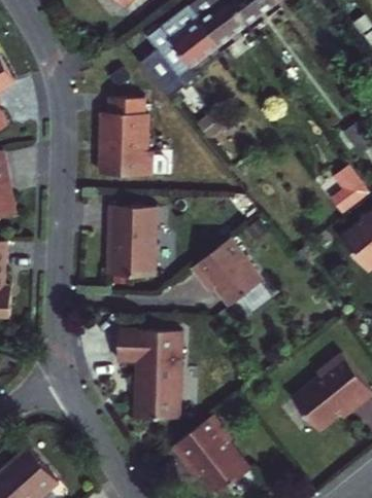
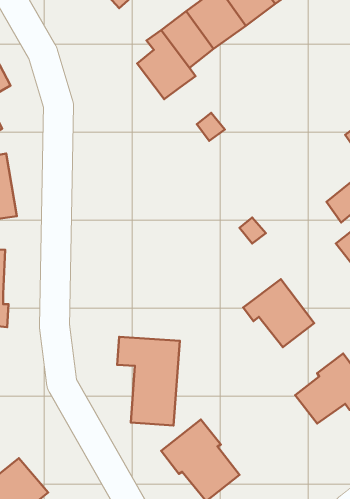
building: [95,92,162,172] -> none
building: [103,200,154,271] -> none
building: [187,235,257,301] -> [243,279,314,347]

